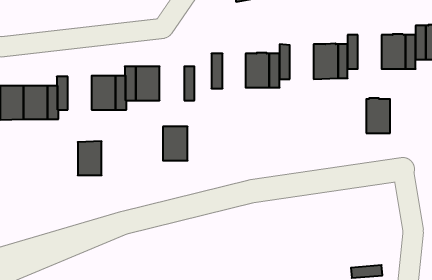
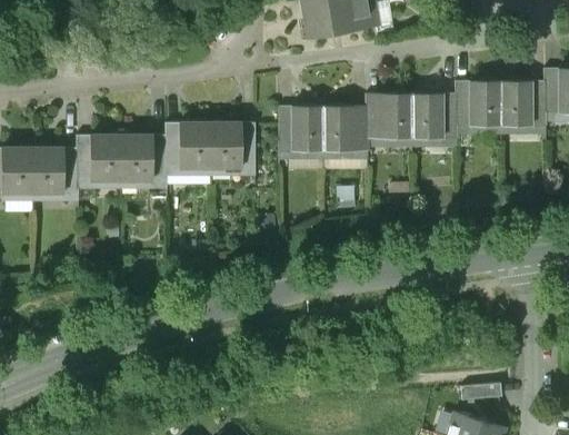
building: none -> [379,95,410,140]
building: none -> [291,106,321,152]
building: [366,98,390,133] -> [468,81,499,127]
building: [163,127,188,161] -> [209,123,241,168]
building: [78,141,102,175] -> [89,136,120,180]

